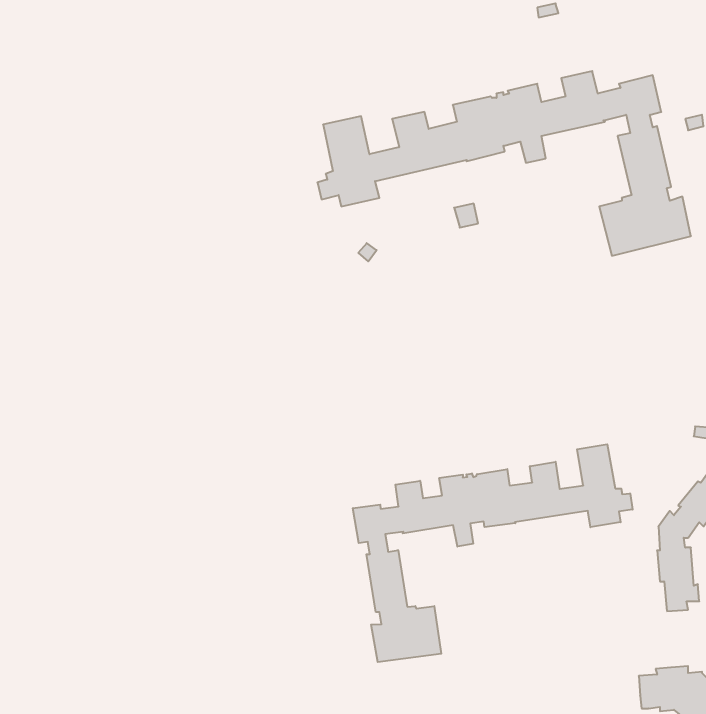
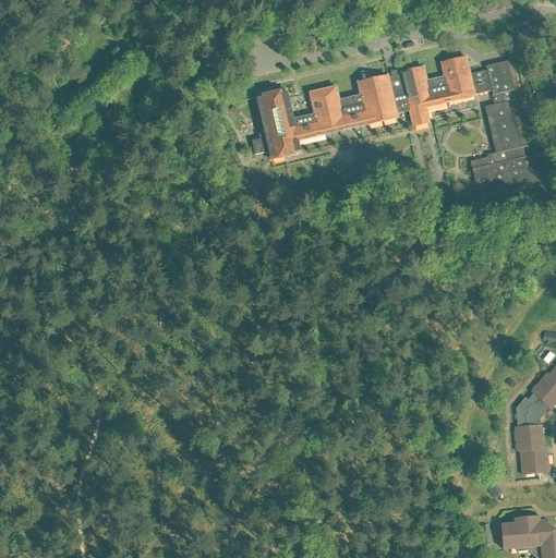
building: [353,444,633,662] -> none

